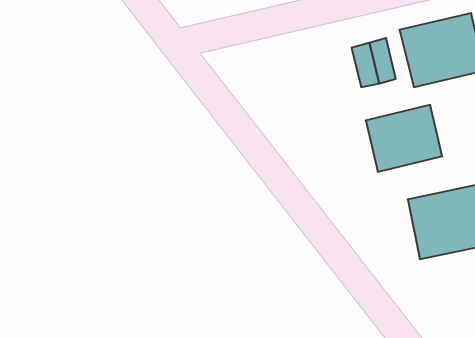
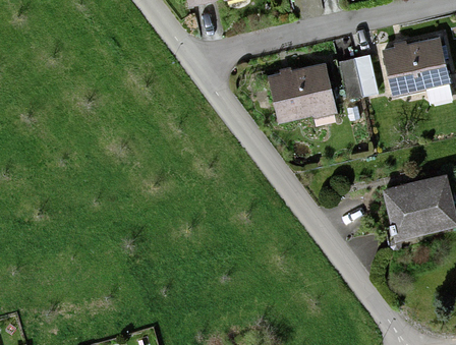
building: [366,105,442,172] -> [269,62,334,119]

